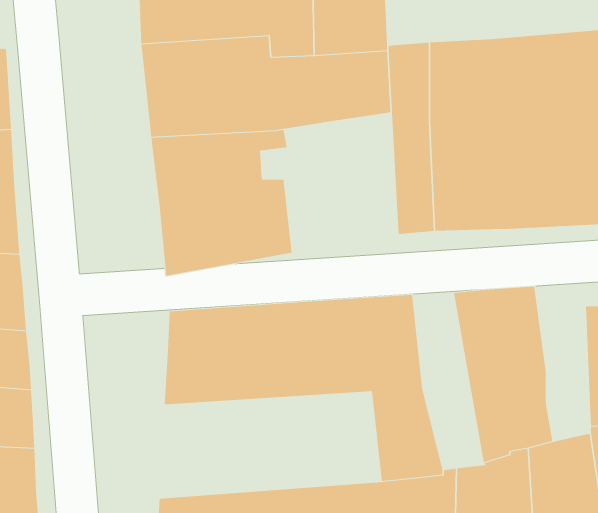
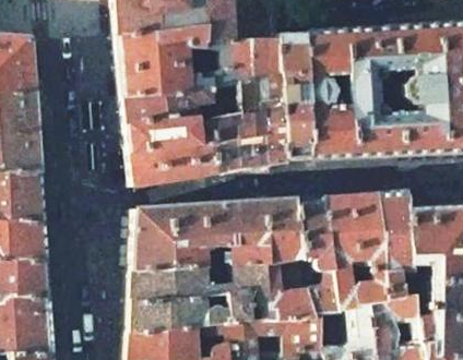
building: none -> [210,79,285,170]
building: none -> [375,190,411,293]
building: none -> [295,196,342,312]
building: none -> [129,261,274,331]

